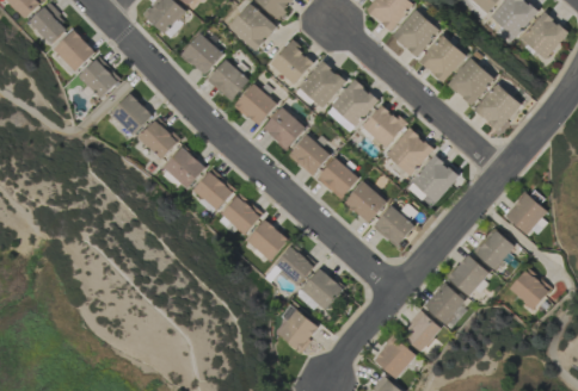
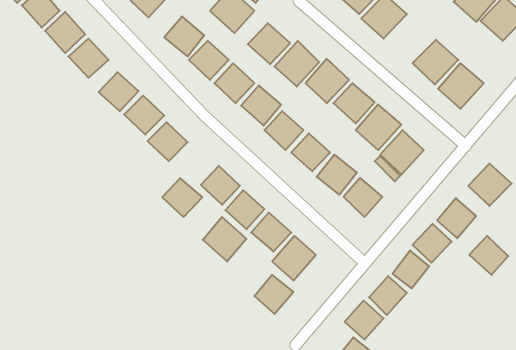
building: [418,35,467,83] -> none
building: [192,169,235,211] -> [162,178,202,217]
building: none -> [203,217,246,262]

